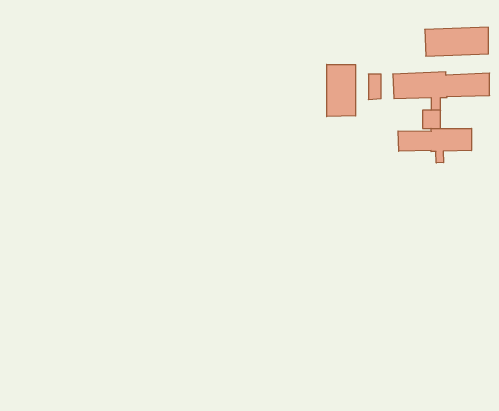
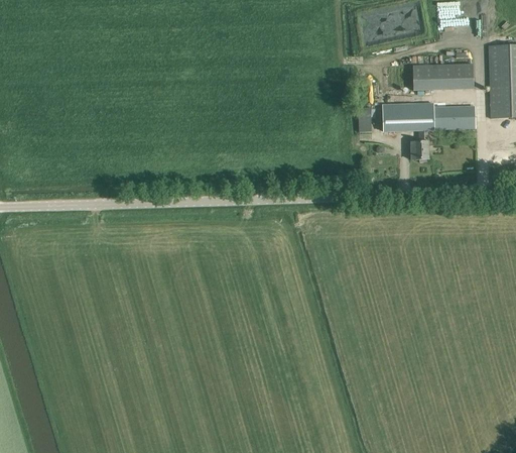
building: [327,64,356,117] -> none
building: [398,128,472,163] -> none

